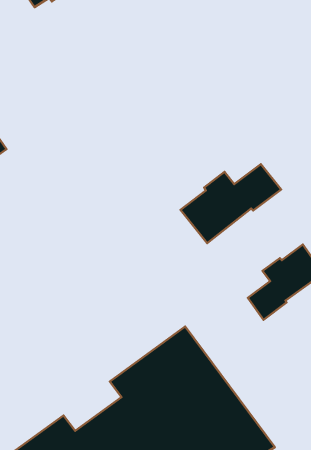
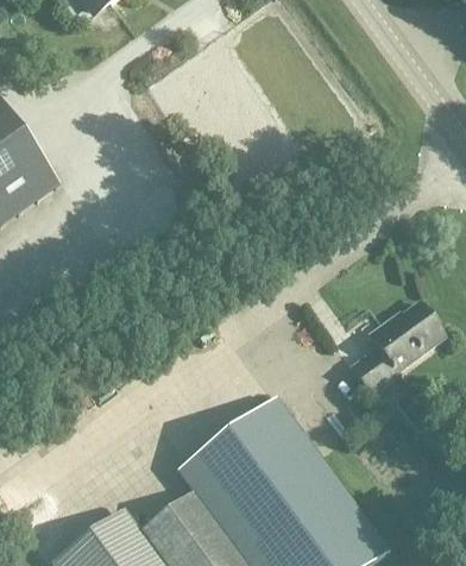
building: [181,164,281,243] -> none

